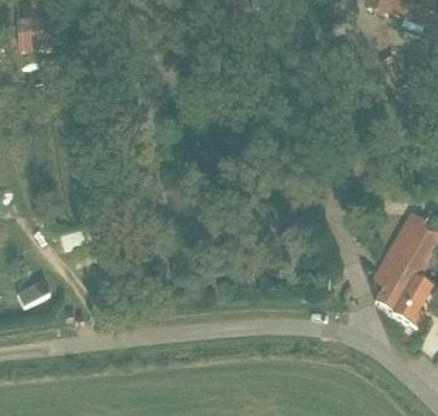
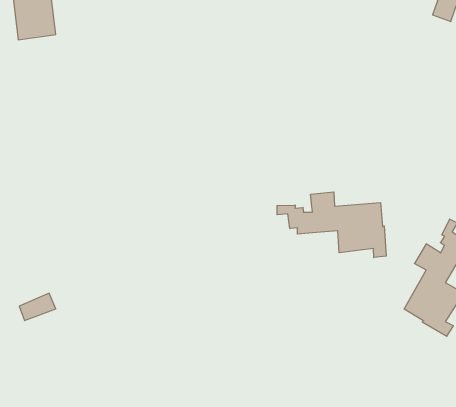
building: none -> [277,192,386,258]

